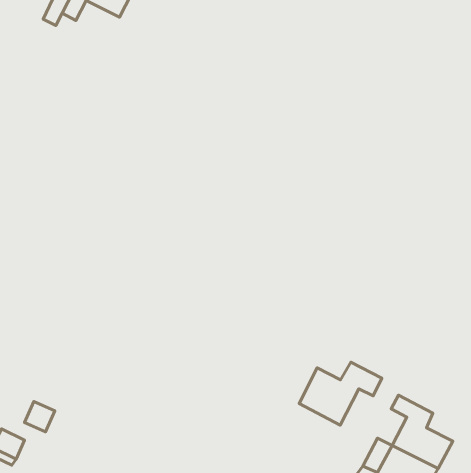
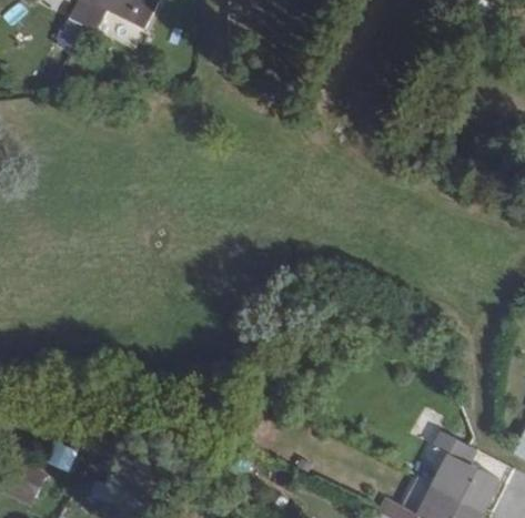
building: [299,362,382,425] -> none

